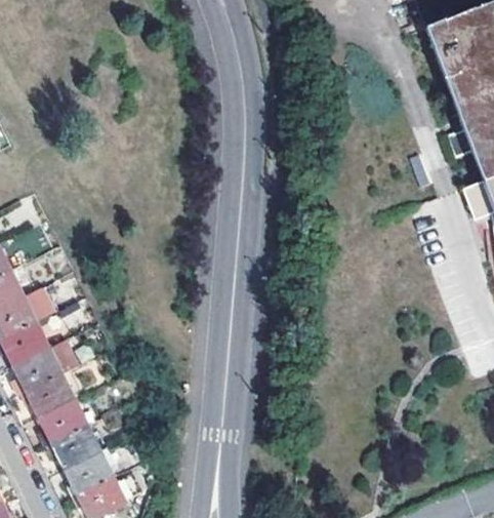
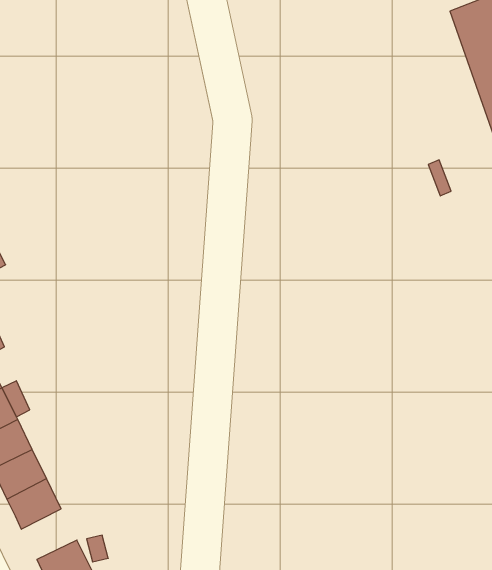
building: [65,450,112,493] -> none

